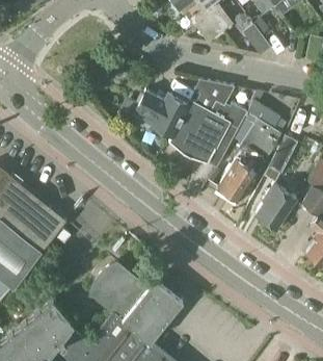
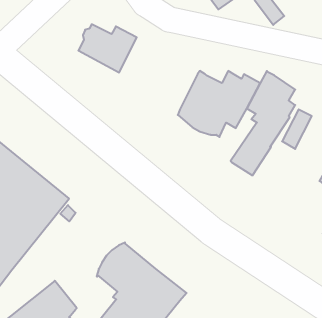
building: [195,81,234,112] -> none
building: [133,92,188,137] -> [78,24,137,73]
building: [255,184,297,230] -> none

